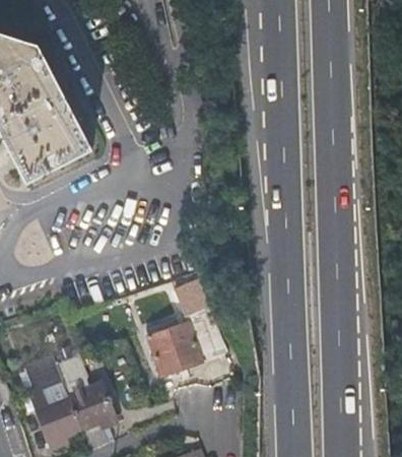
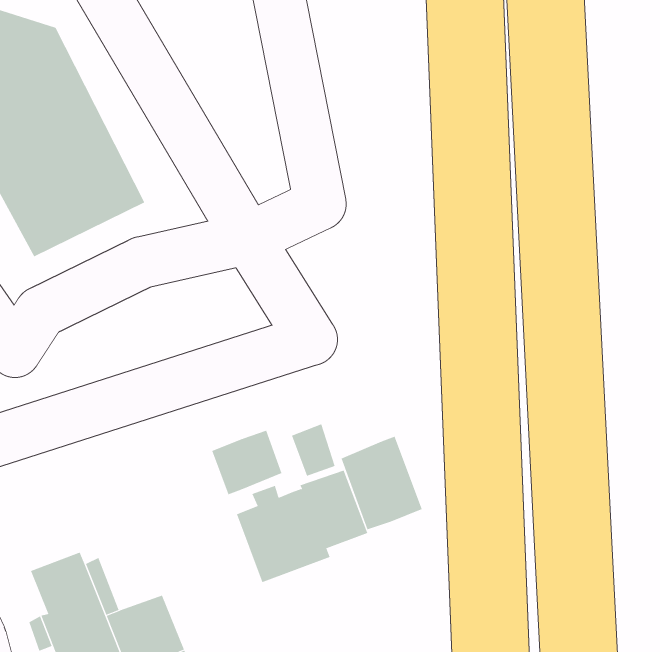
building: none -> [211,430,282,495]
building: none -> [341,436,423,530]

